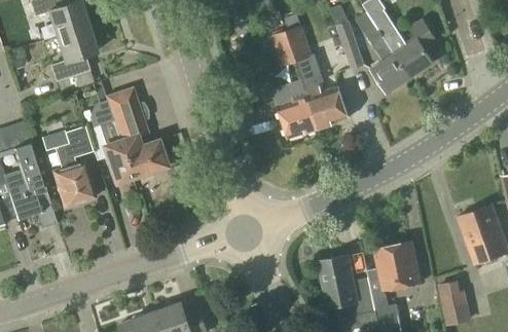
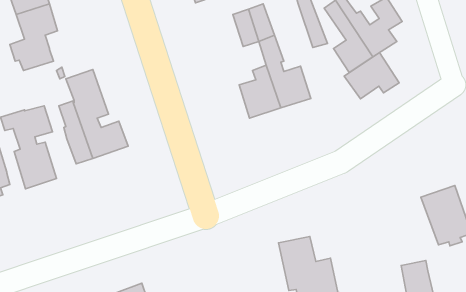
building: none -> [344,53,399,99]
building: [367,241,421,294] -> none

